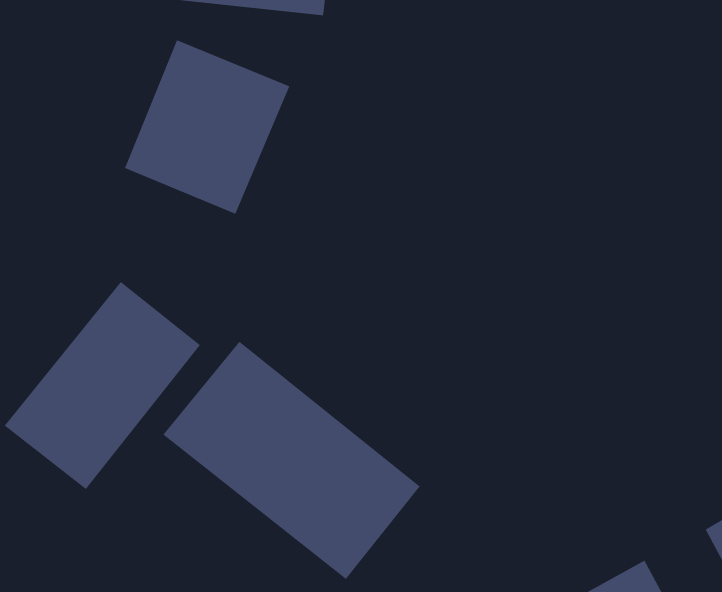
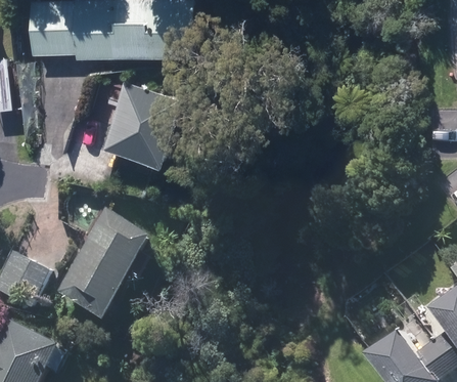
building: [162,341,420,580] -> none

